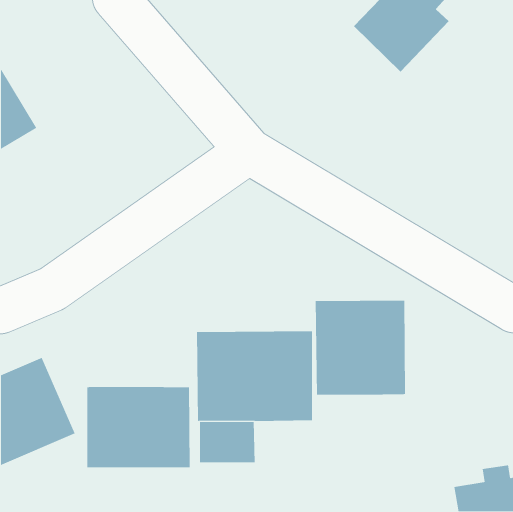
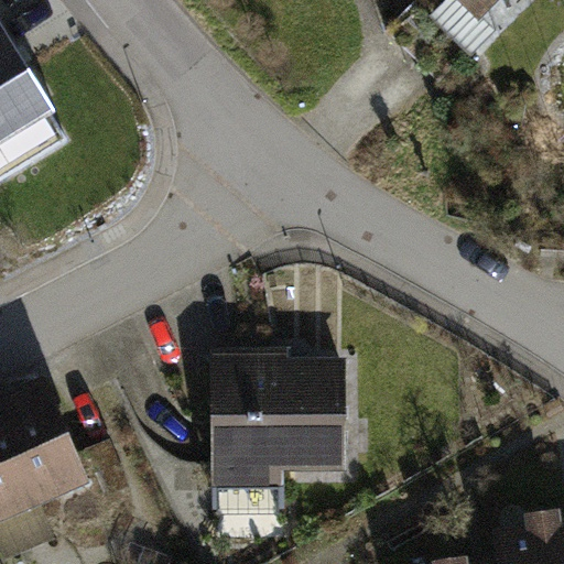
building: [315,300,406,396] -> none
building: [87,386,190,468] -> none

